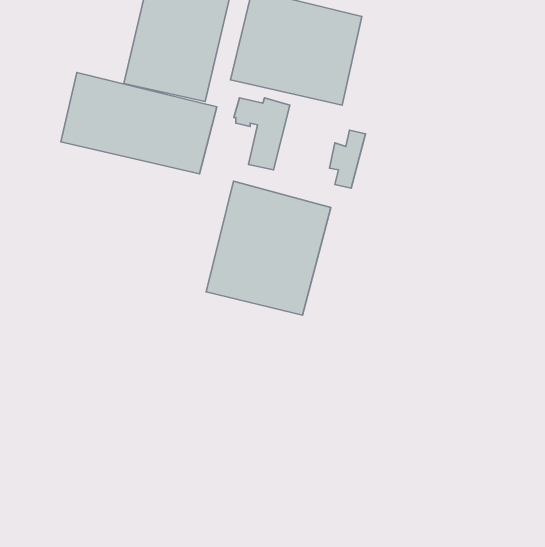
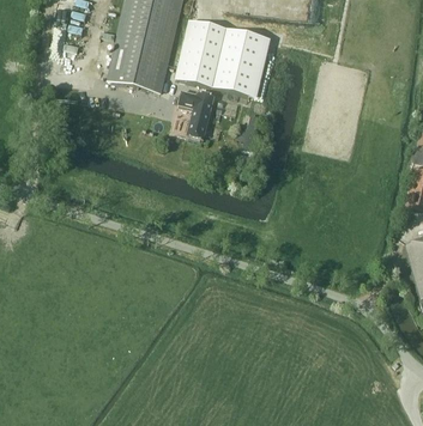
building: [61,73,217,174] -> none
building: [206,181,331,315] -> none

